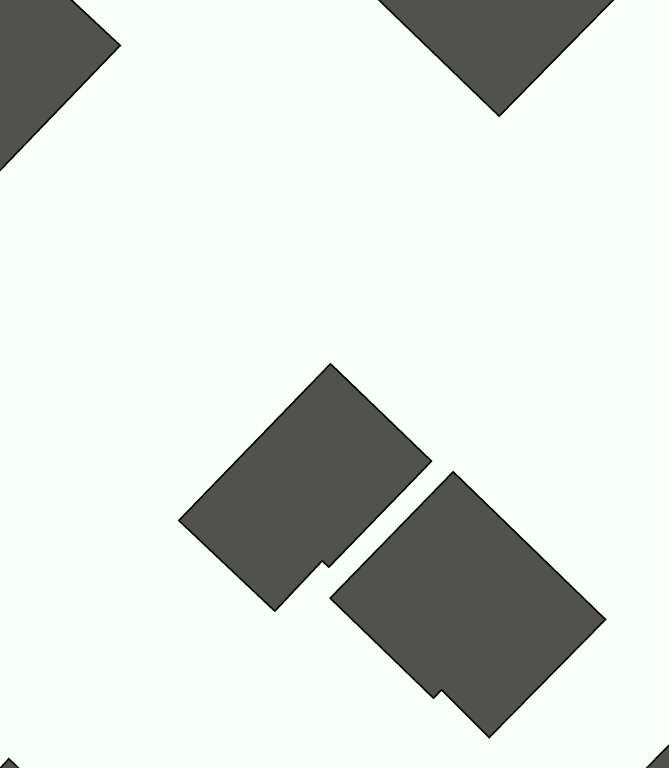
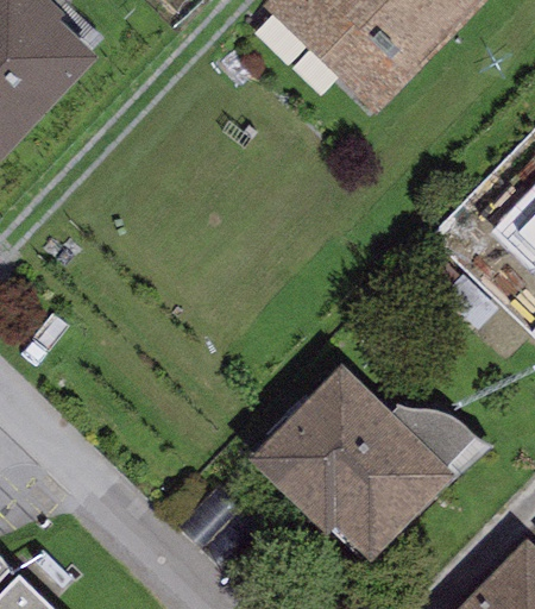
building: [179,364,431,611] -> none

